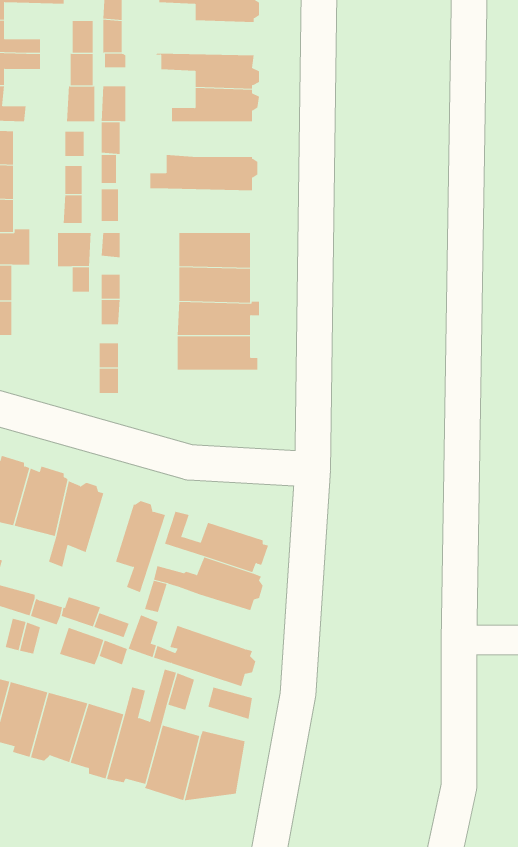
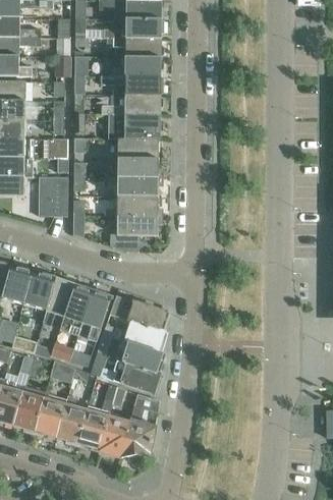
building: none -> [105,18,163,38]
building: none -> [101,75,162,95]
building: none -> [108,113,162,137]
building: none -> [39,176,67,215]
building: none -> [109,215,162,251]
building: none -> [62,284,92,331]
building: none -> [115,341,163,372]

